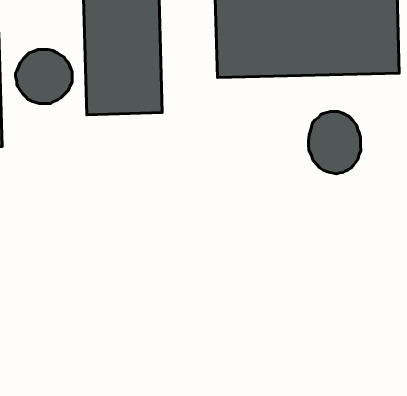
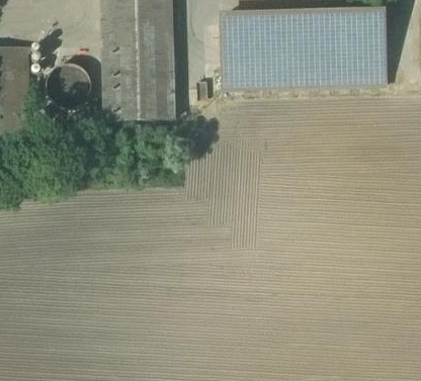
building: [308,111,361,174] -> none

